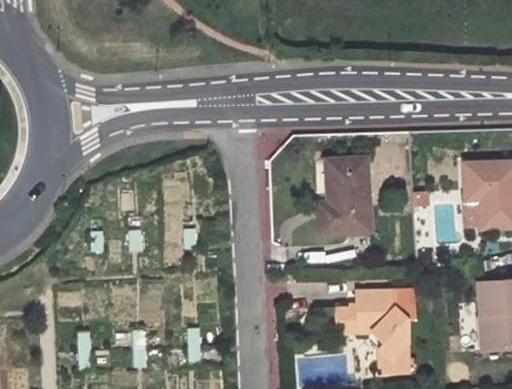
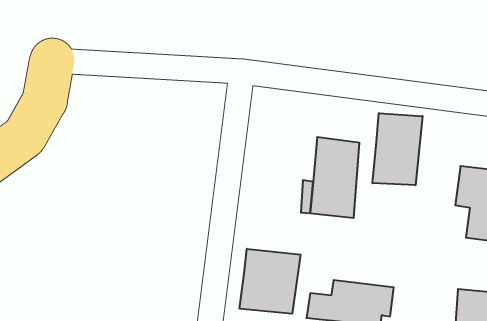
building: none -> [373,113,423,185]
building: none -> [240,249,301,314]

